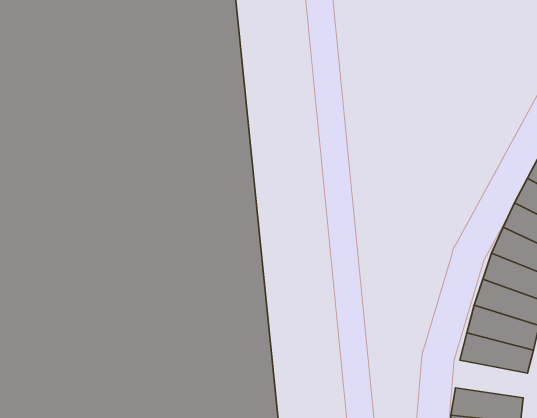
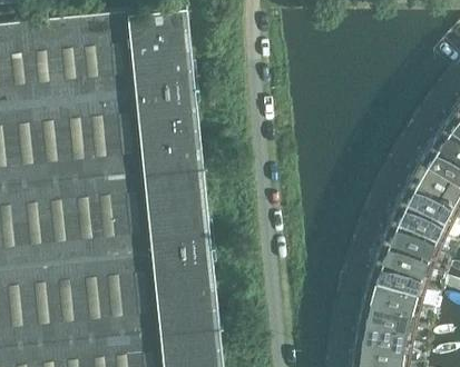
building: none -> [359,316,414,345]

